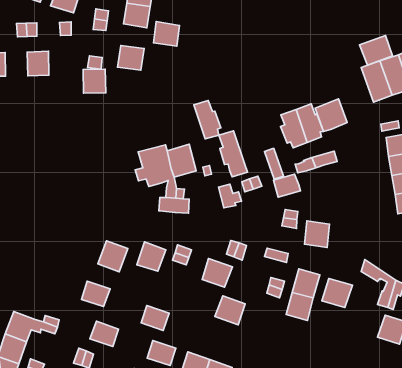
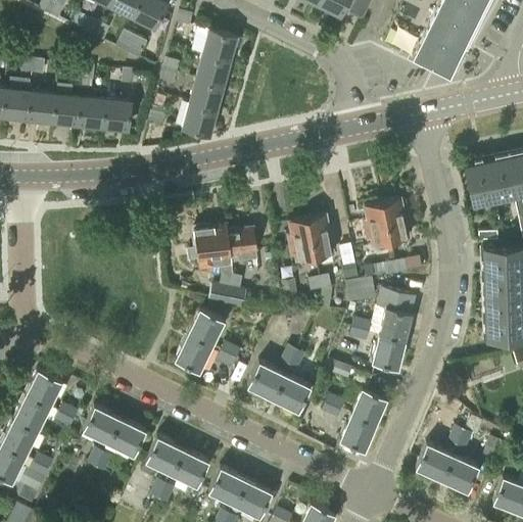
building: [154,21,180,46] -> [190,80,223,111]
building: [359,36,392,65] -> none
building: none -> [52,95,81,126]
building: [83,69,106,93] -> [102,100,131,131]
building: [315,99,347,132] -> none
building: [194,100,221,139] -> [307,217,335,260]
building: none -> [376,288,416,342]
building: [98,241,128,272] -> [188,310,225,347]
building: [322,279,353,307] -> [418,444,456,480]
building: [81,281,110,306] -> [86,408,121,439]
building: none -> [27,372,62,409]
building: [215,296,245,325] -> [274,377,311,413]
building: [141,305,169,331] -> [149,438,183,470]

